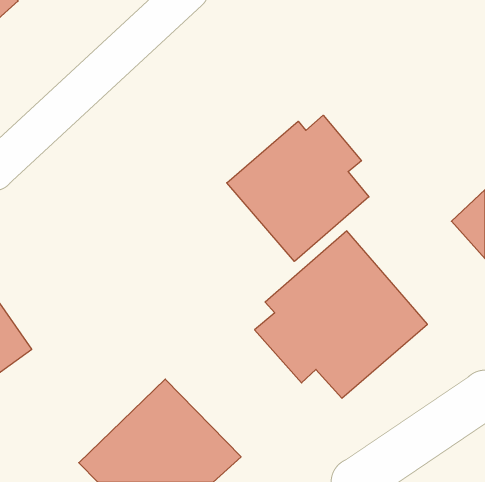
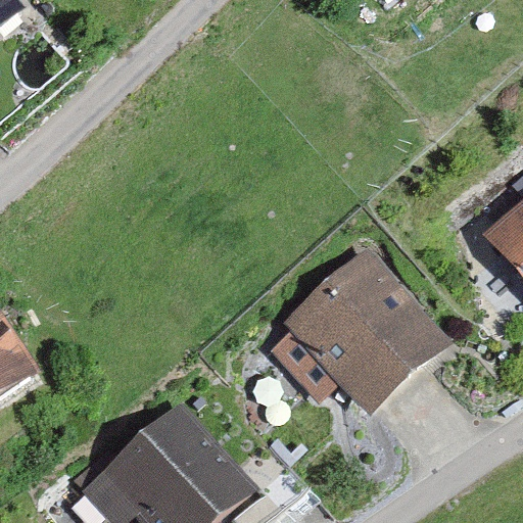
building: [227,115,369,261] -> none

